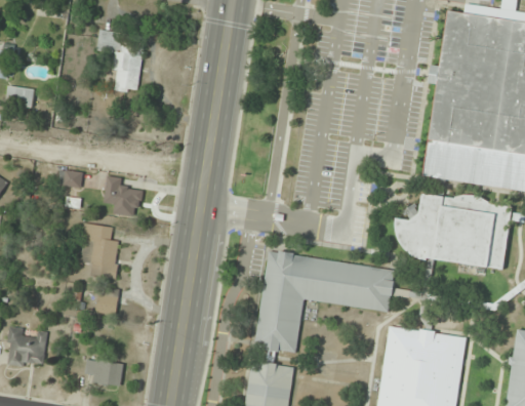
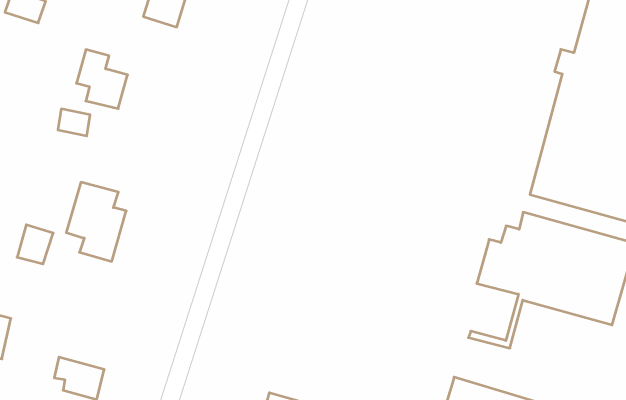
building: [104,176,142,217] -> [76,50,128,109]
building: [256,252,395,354] -> none
building: [95,287,120,315] -> [17,225,53,264]

